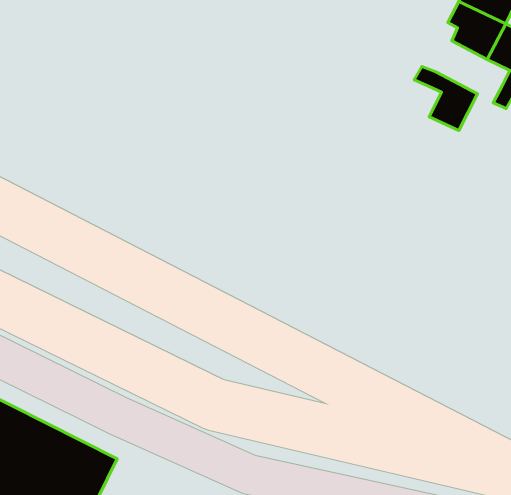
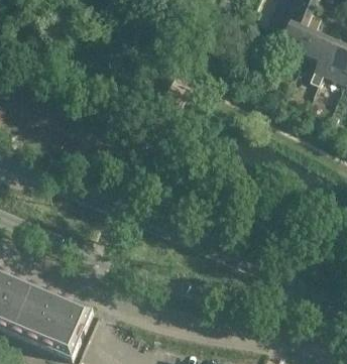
building: [414,66,477,130] -> none

